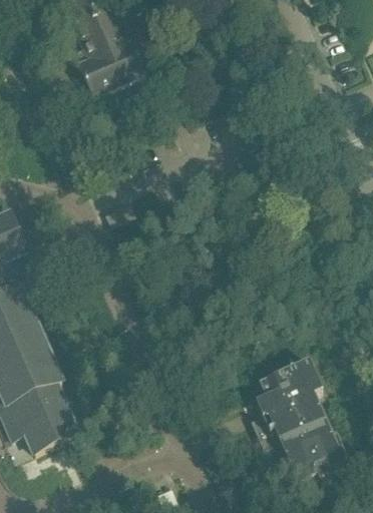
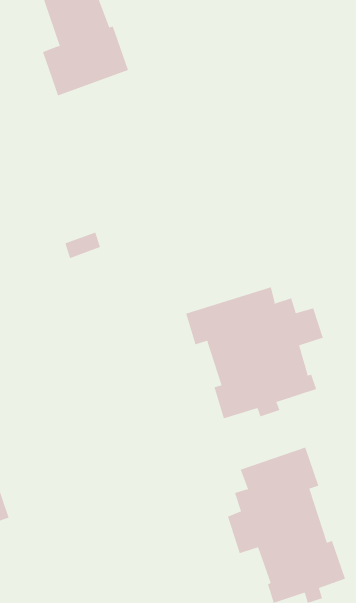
building: none -> [186,286,323,419]

